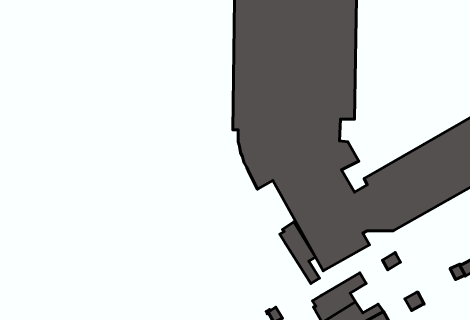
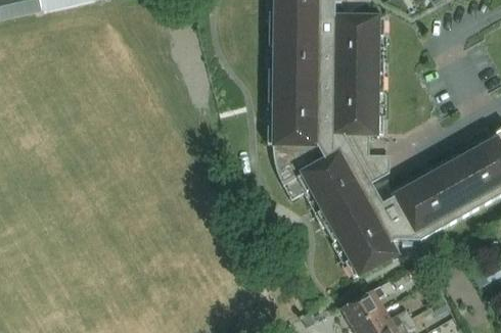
building: [280,222,319,284] -> none

